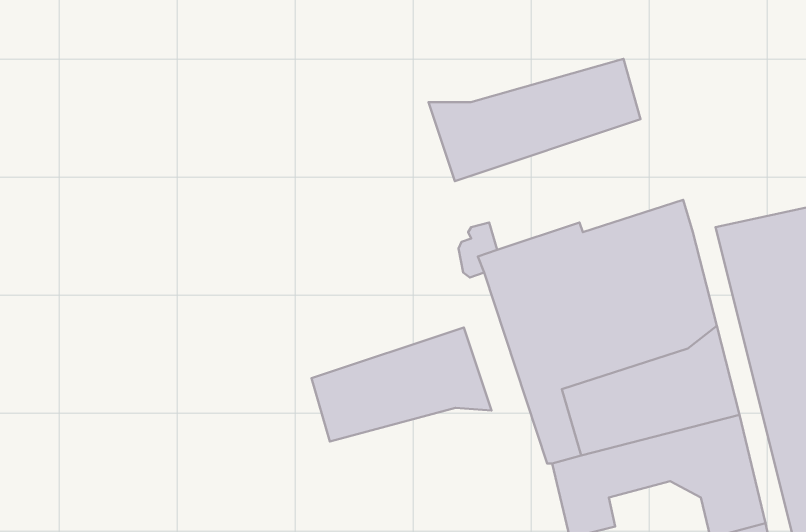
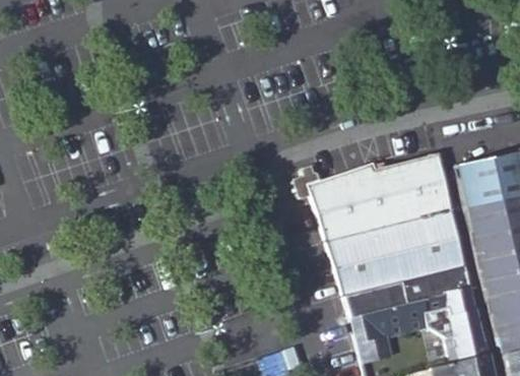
building: [428,59,640,181] -> none
building: [311,327,492,442] -> none

